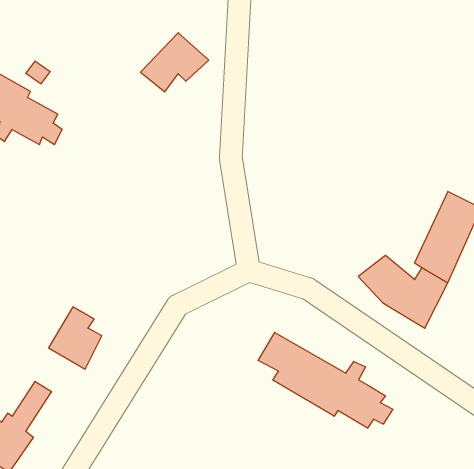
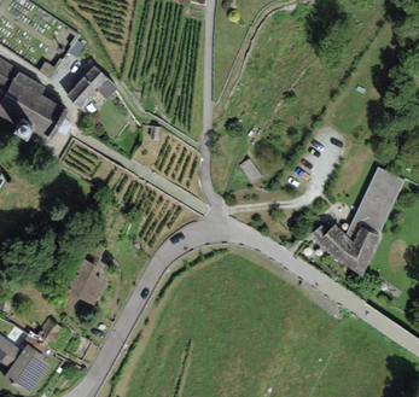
building: [140,33,209,92] -> [63,63,117,110]
building: [258,332,393,428] -> none

